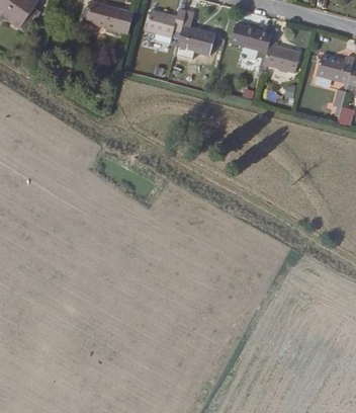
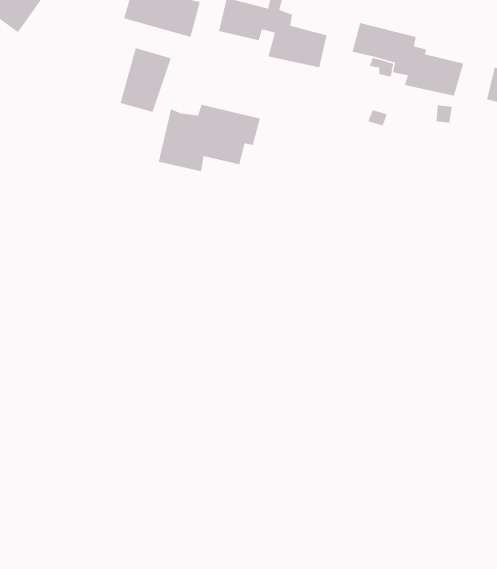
building: none -> [119,47,172,113]
building: none -> [158,104,261,172]

